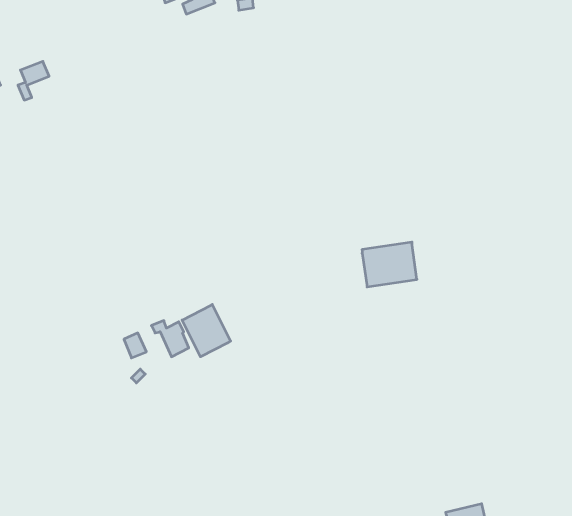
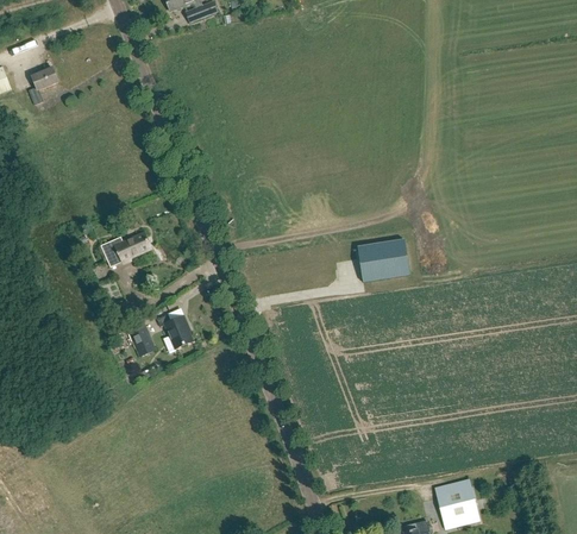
building: none -> [101,231,150,265]
building: [182,304,231,357] -> none

